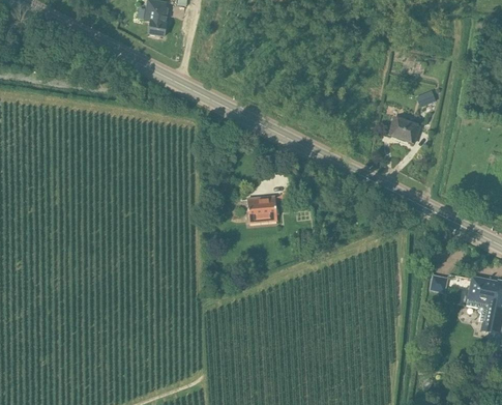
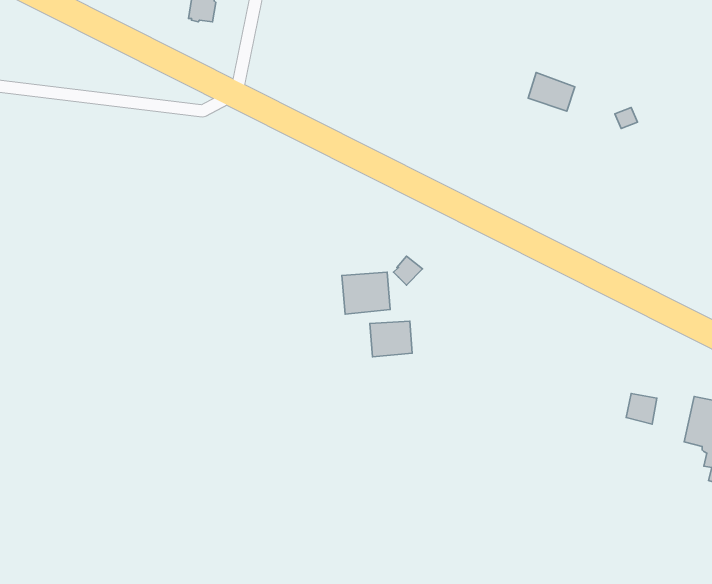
building: [388,117,418,142] -> [528,72,575,111]
building: none -> [370,321,412,357]

